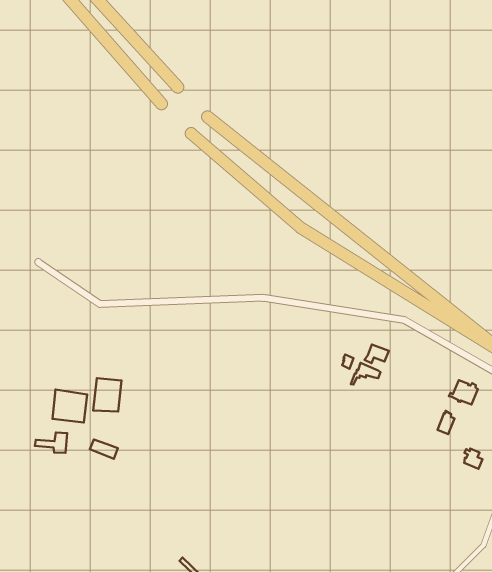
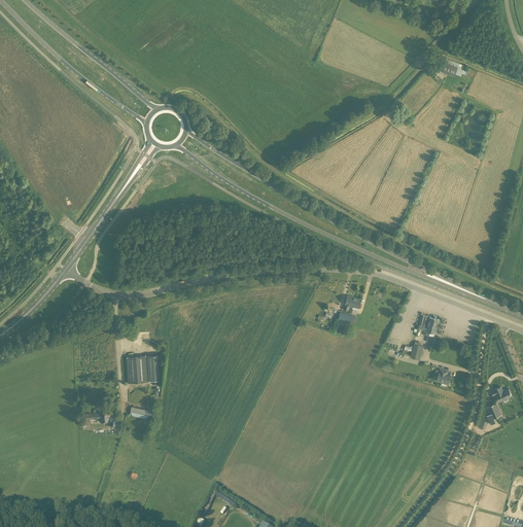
building: [53,390,87,422] -> none

